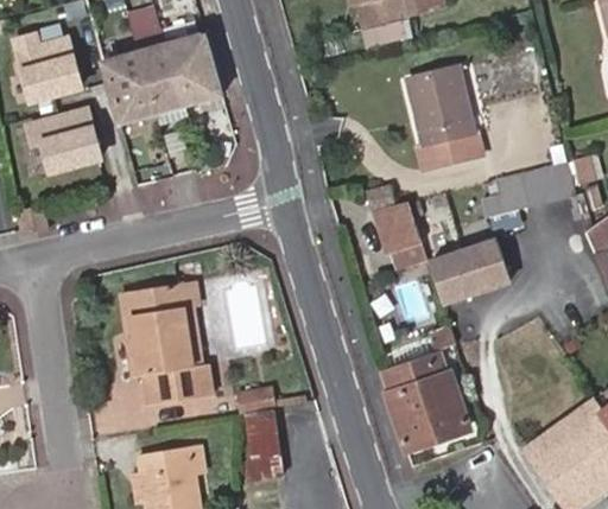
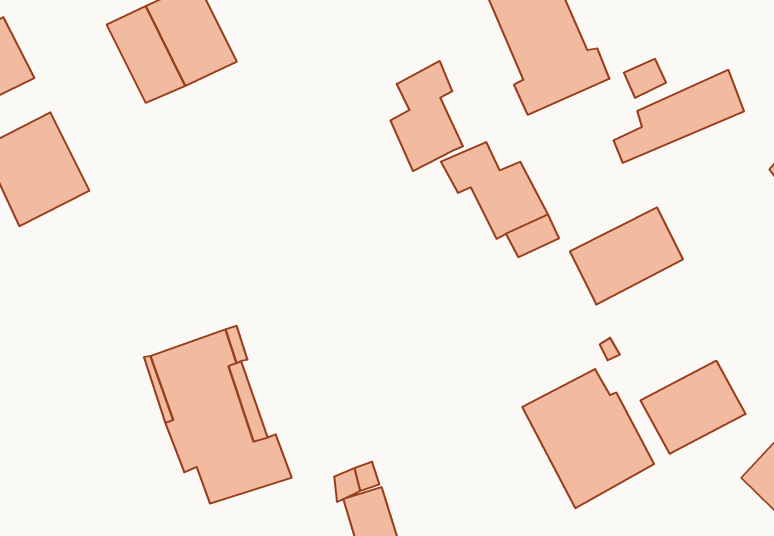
building: [104,53,154,122] -> none
building: none -> [391,61,463,171]
building: none -> [640,361,746,454]

